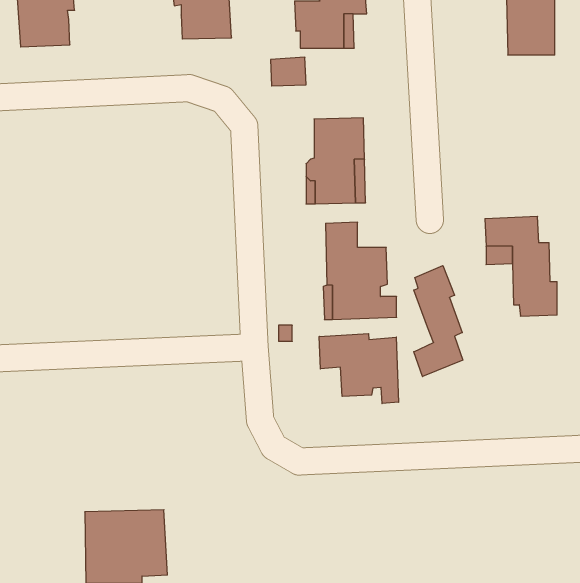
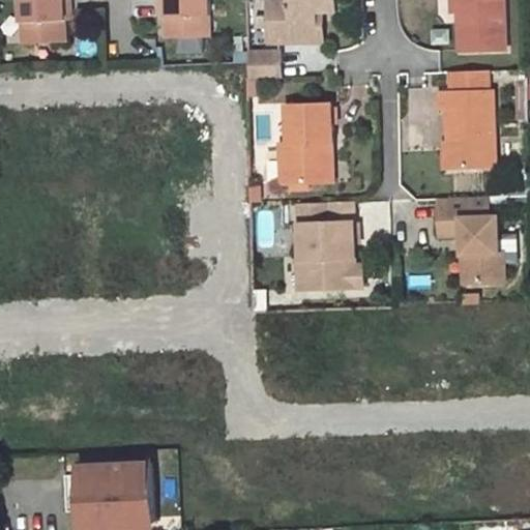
building: none -> [439,70,494,171]
building: [414,266,463,377] -> none
building: [319,334,399,404] -> none

